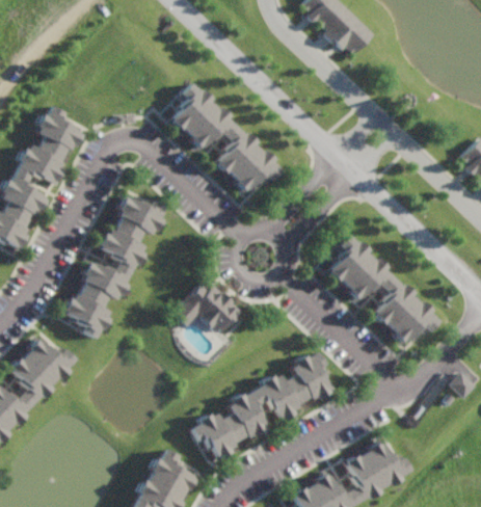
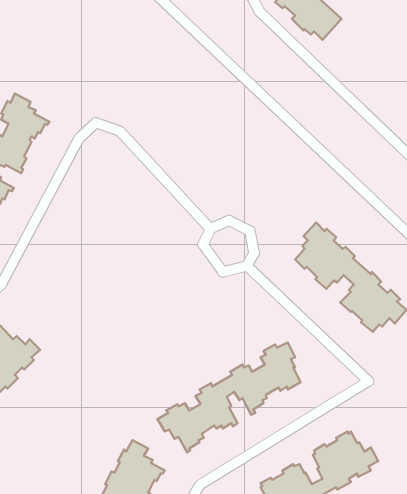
building: [168,84,279,192] -> none
building: [61,197,165,339] -> none
building: [170,283,239,331] -> none

